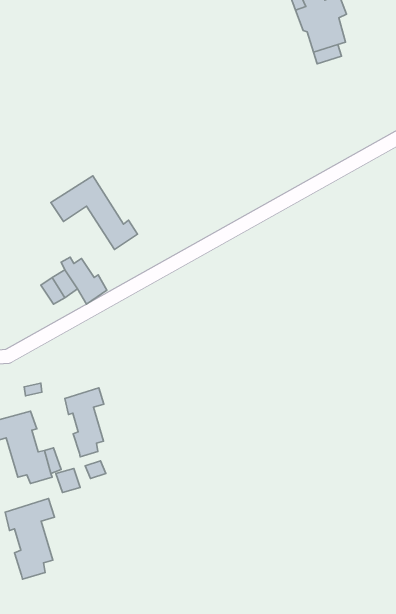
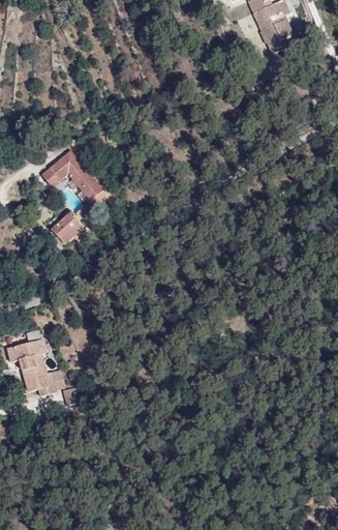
building: [65,388,104,457] -> none
building: [5,499,55,579] -> none

